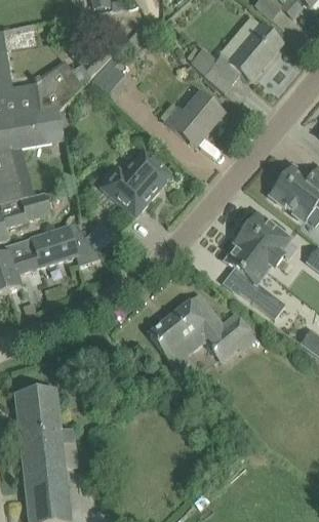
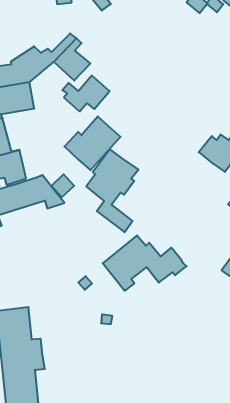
building: [184,26,281,82] -> none
building: [162,93,222,138] -> [62,76,110,111]
building: [226,213,291,318] -> [86,149,138,232]

